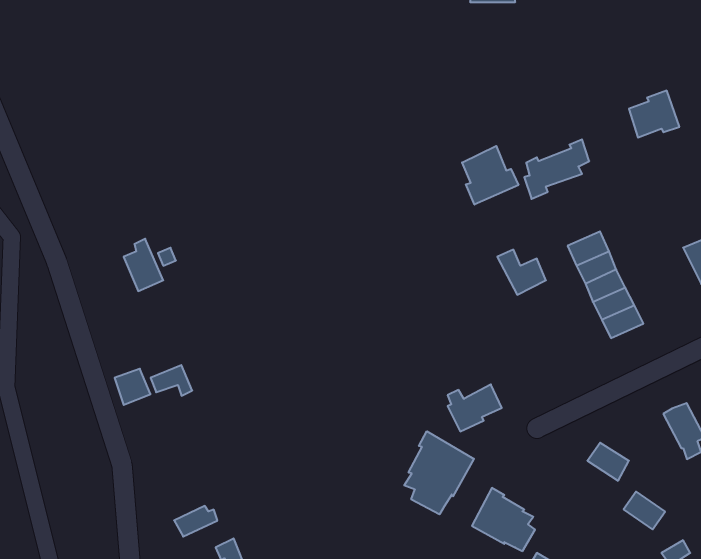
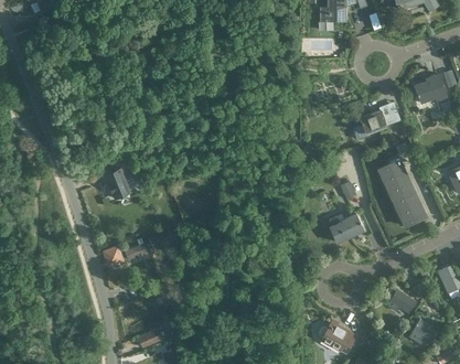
building: [462,146,518,205] -> none
building: [448,384,502,431] -> [329,214,362,243]
building: [404,431,474,514] -> none

